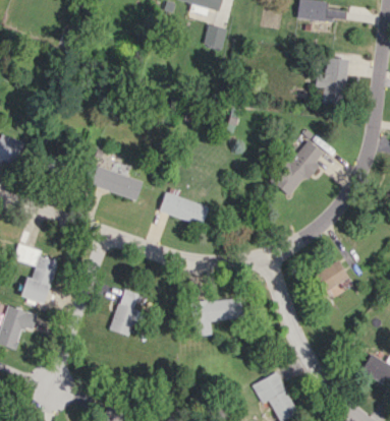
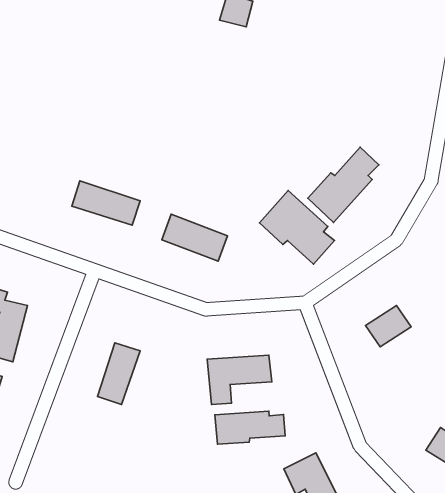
building: [316,58,347,104] -> none
building: none -> [260,190,334,264]
building: none -> [215,411,285,444]

